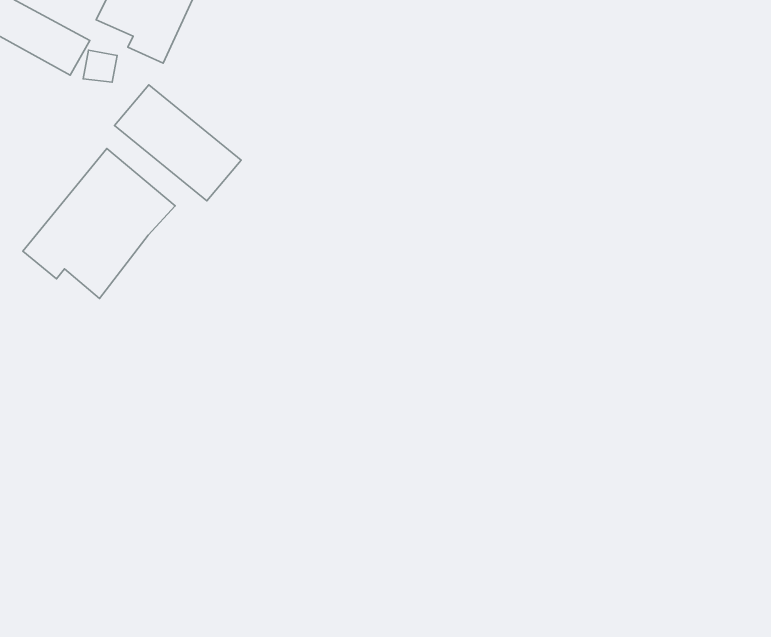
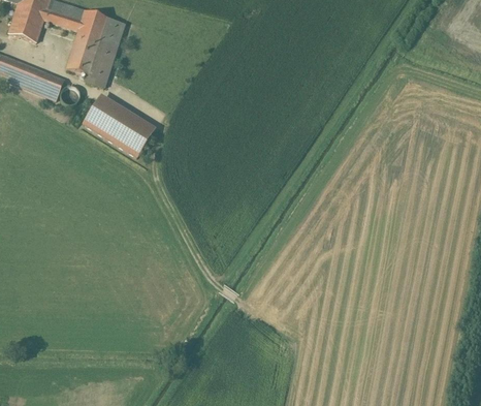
building: [23,148,175,298] -> none

